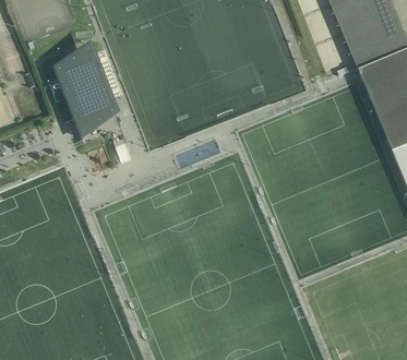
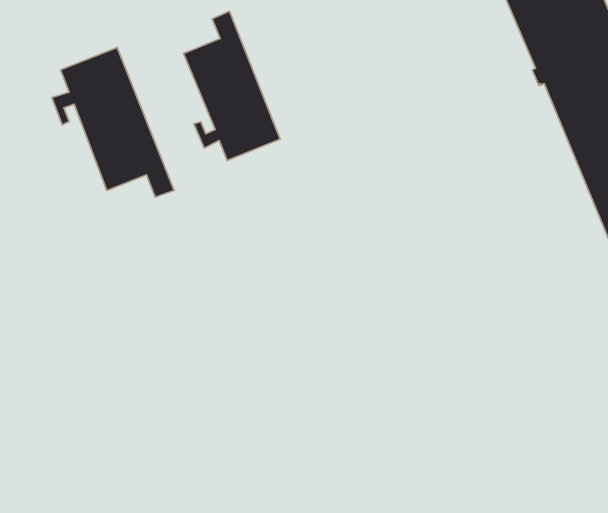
building: none -> [183,11,280,160]

